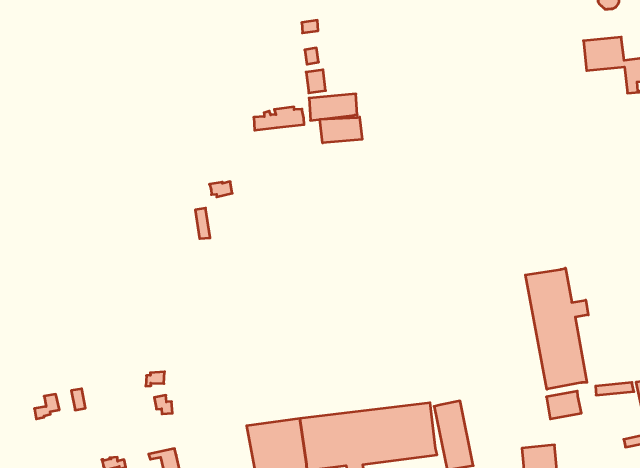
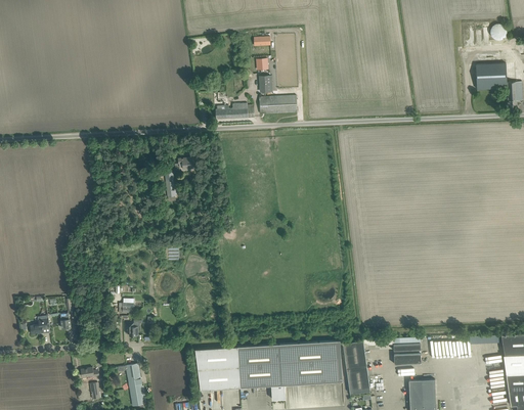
building: [320,117,362,143] -> none
building: [525,268,588,389] -> none
building: none -> [393,343,421,365]

